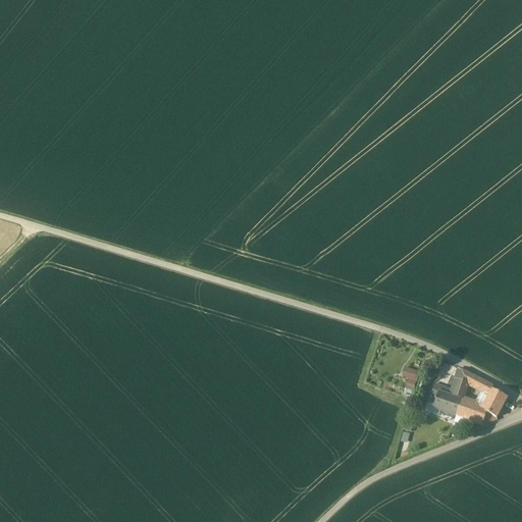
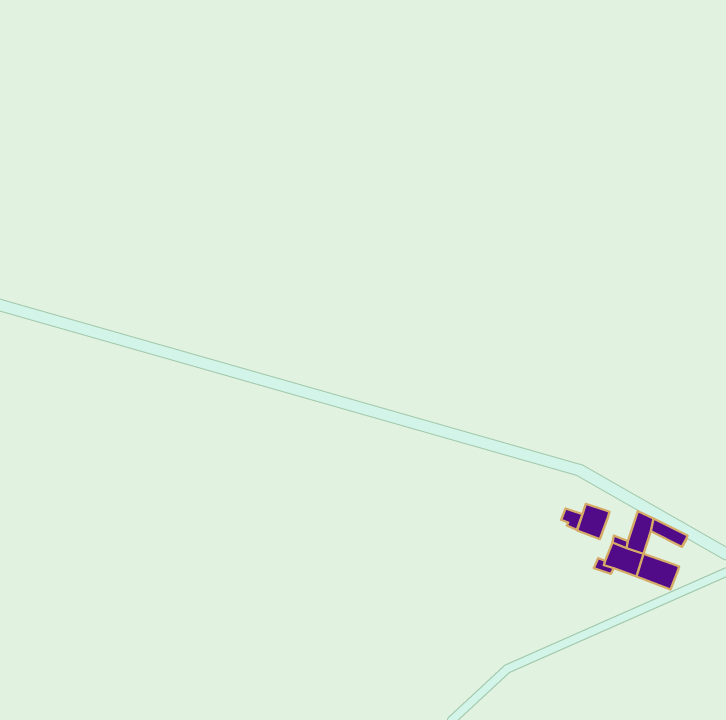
building: none -> [577,504,610,539]
building: [482,387,507,415] -> none

